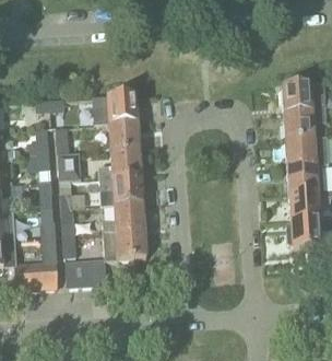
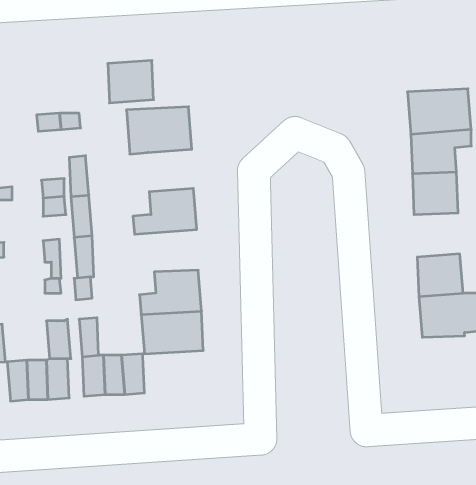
building: [108,120,139,149] -> [108,60,154,103]
building: [286,162,322,193] -> none
building: [99,174,142,202] -> none

